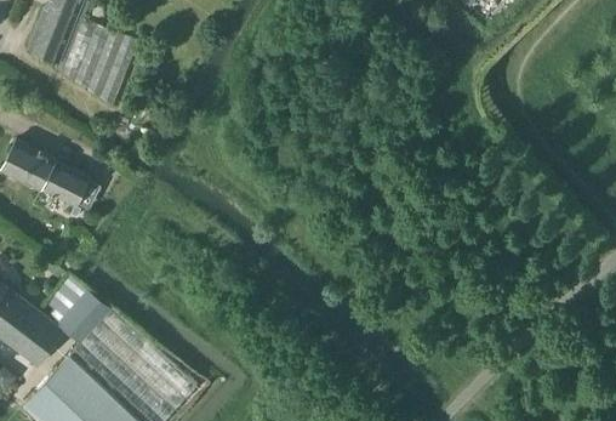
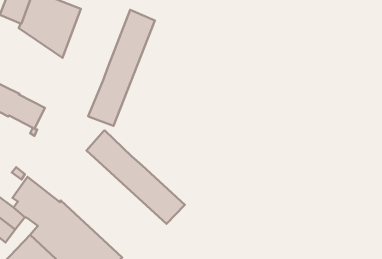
building: none -> [88,10,155,126]
building: none -> [87,131,185,224]

